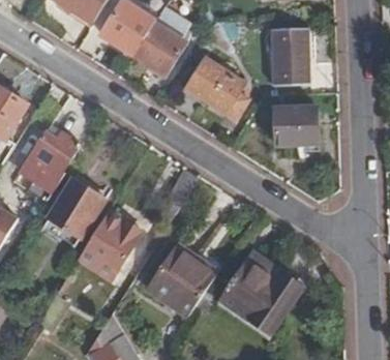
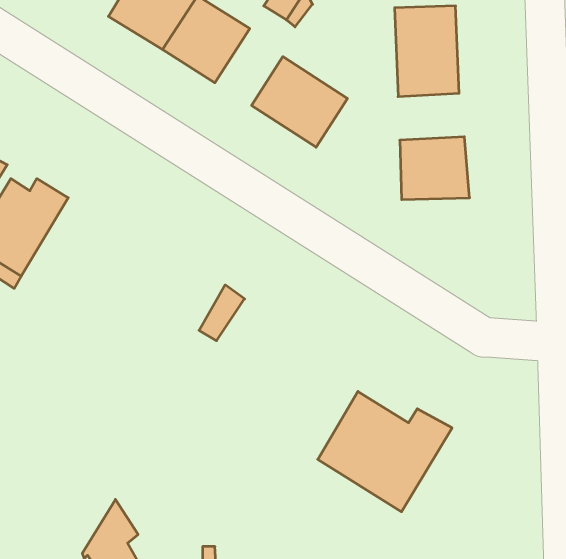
building: [49,179,103,239] -> none
building: [81,212,142,277] -> none
building: [151,251,218,320] -> none

